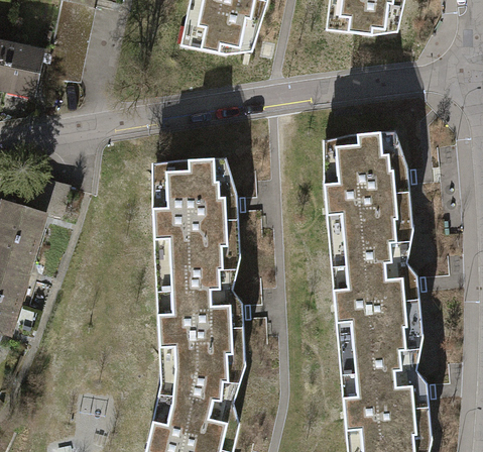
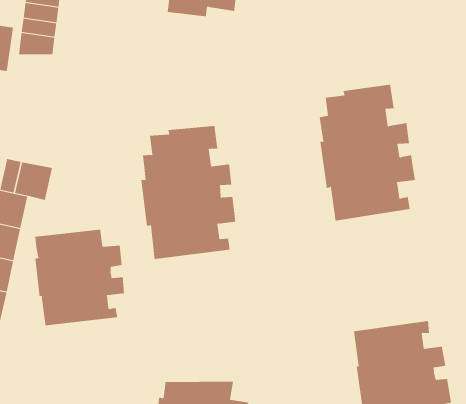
building: none -> [35,229,125,326]
building: [334,252,422,364] -> none
building: [158,278,246,404] -> none

